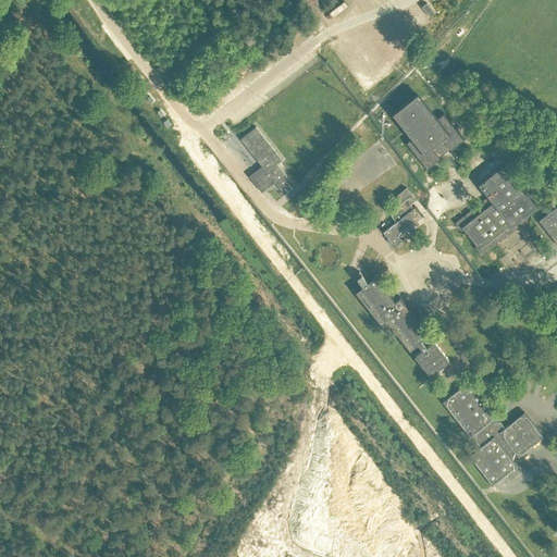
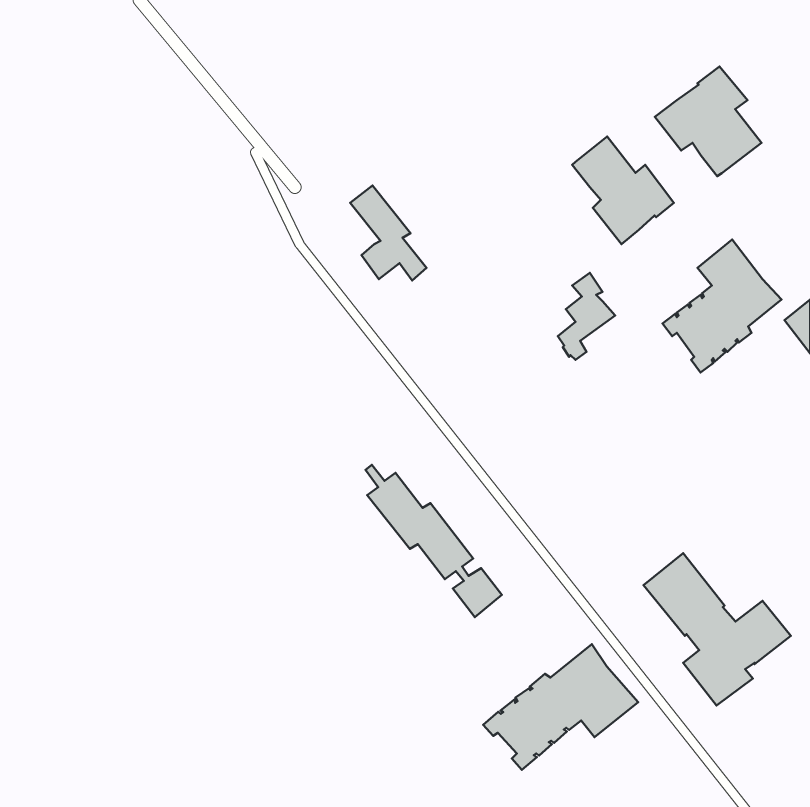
building: none -> [655,66,762,176]
building: [355,273,448,377] -> [366,465,502,617]
building: none -> [483,644,638,770]

